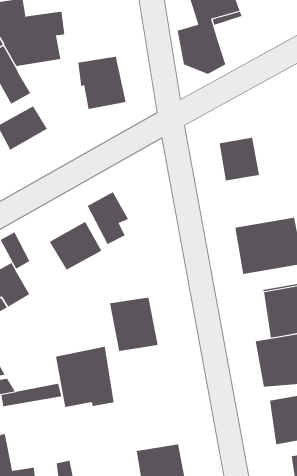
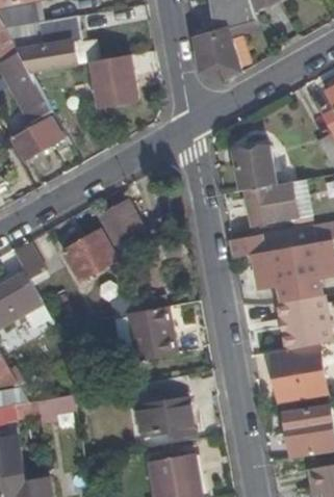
building: none -> [246,182,297,225]
building: [55,346,115,408] -> [134,374,195,437]

